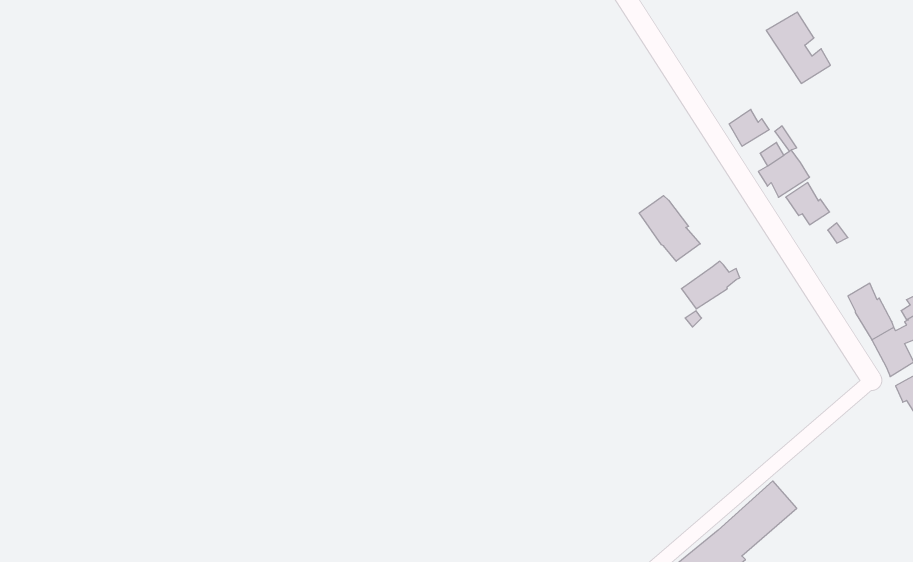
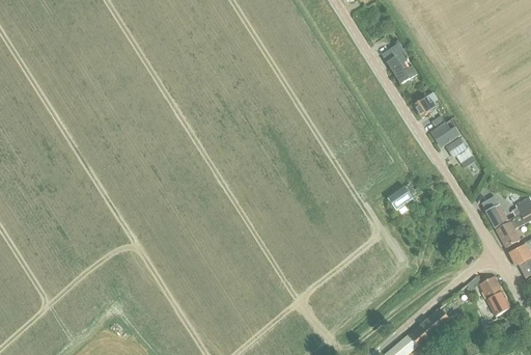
building: [766,12,830,83] -> [381,43,417,83]
building: [639,196,700,261] -> none
building: none -> [466,274,510,315]

